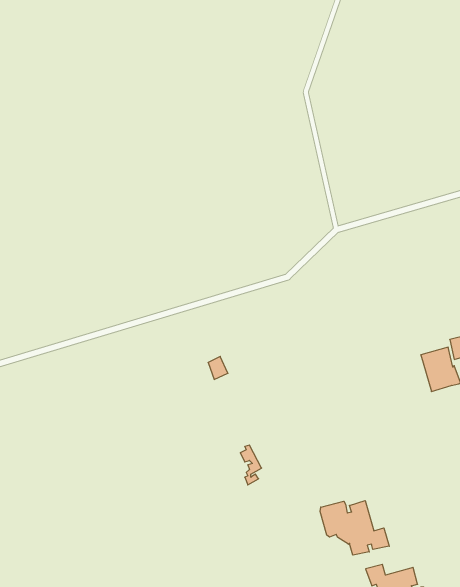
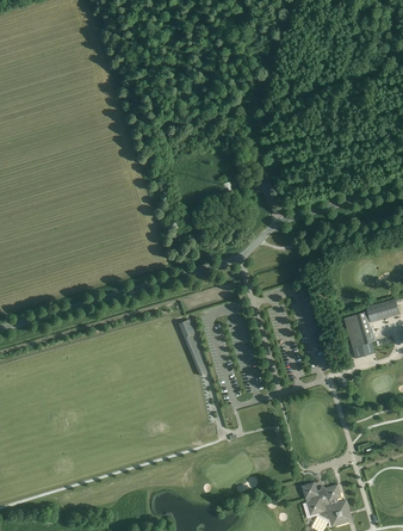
building: [320,501,389,555] -> none

